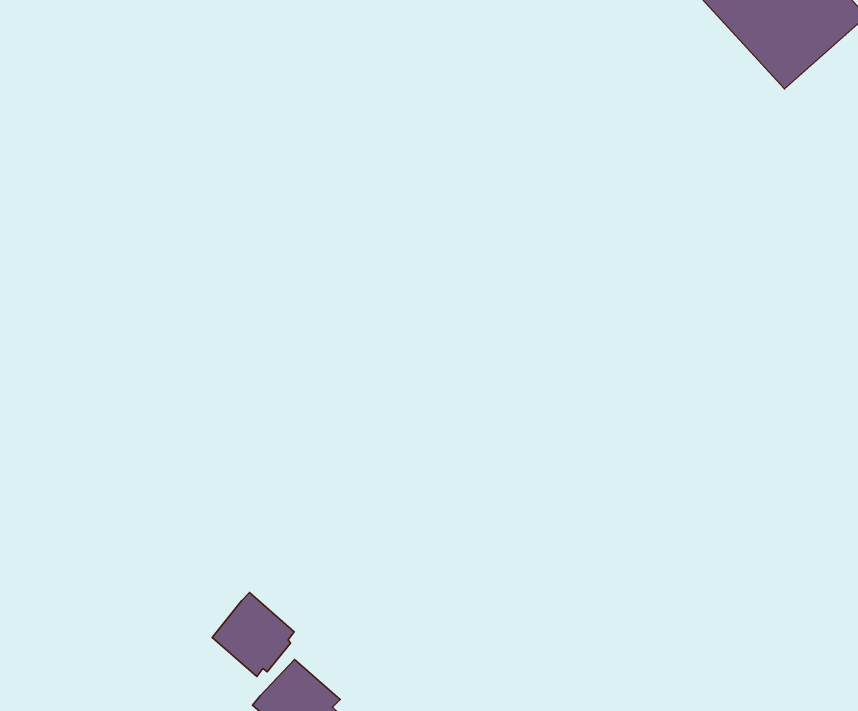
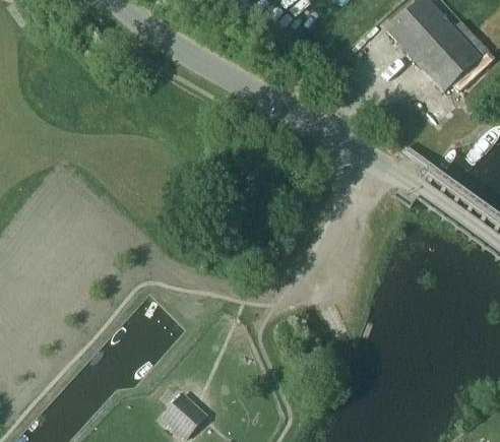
building: [212,593,294,677] -> none

